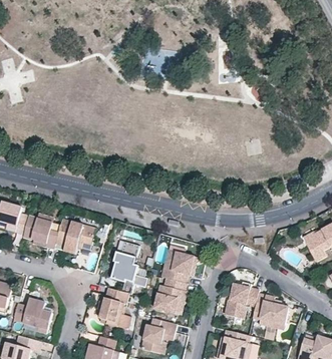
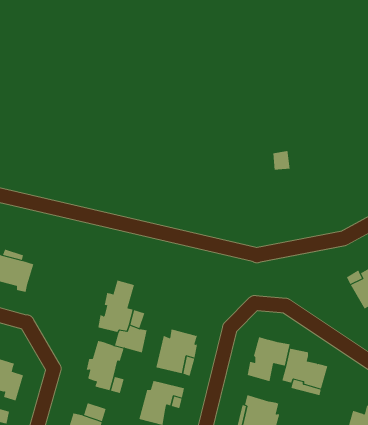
building: [54,221,93,255] -> none
building: [161,252,197,283] -> none

